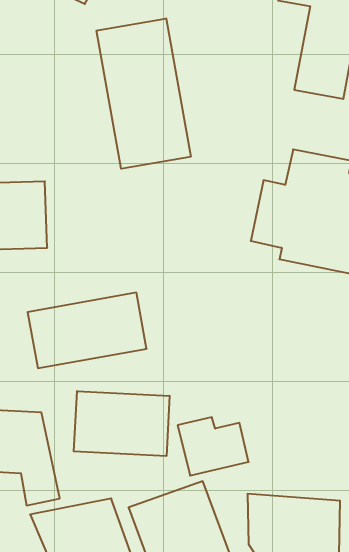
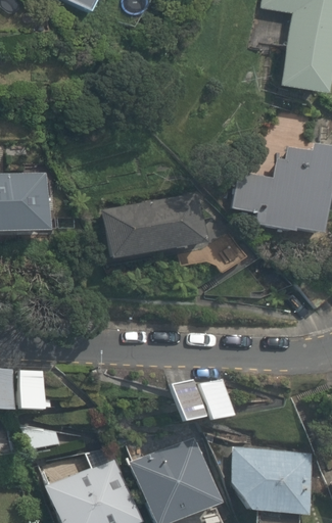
building: [96,18,191,169] -> none
building: [28,293,147,368] -> [103,190,209,257]
building: [74,391,170,456] -> none

